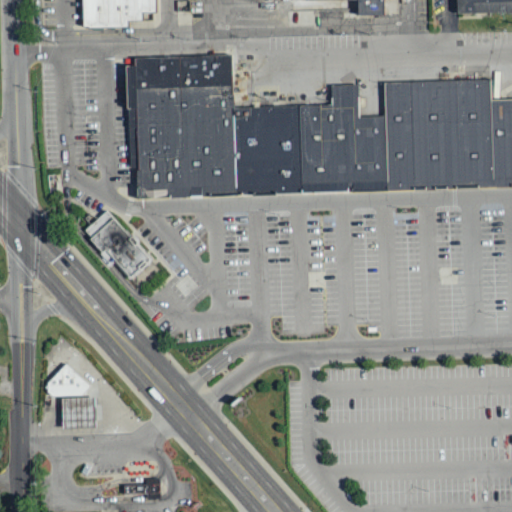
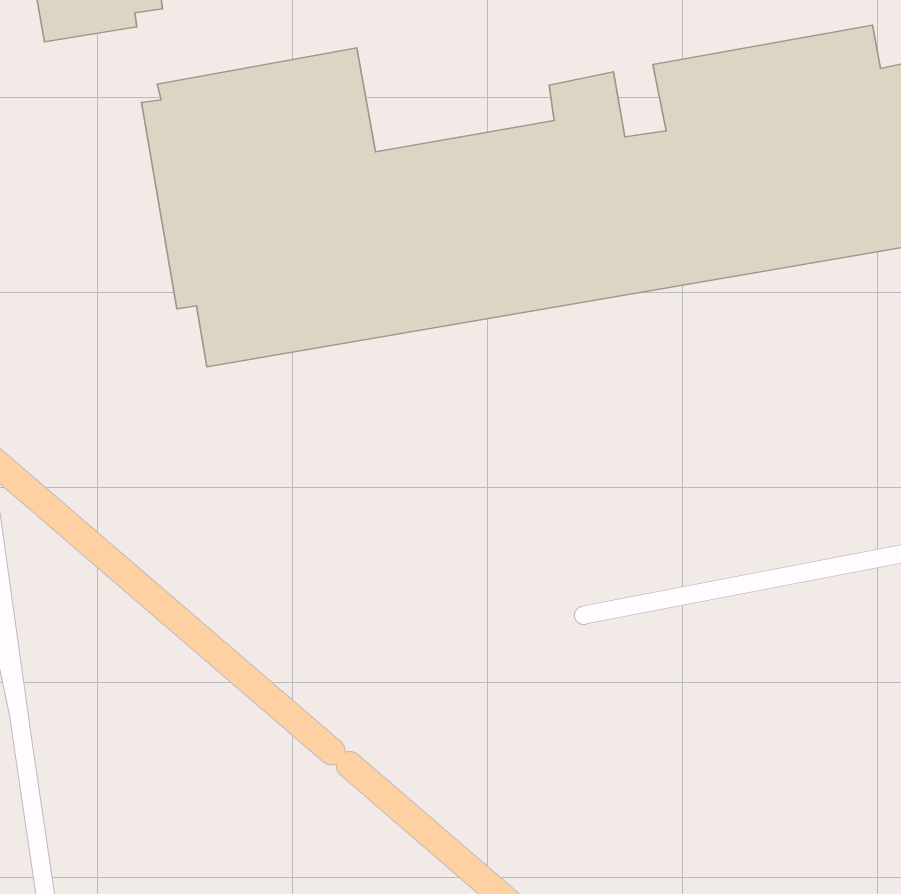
building: [83,209,152,278] -> none
building: [48,363,99,429] -> none

